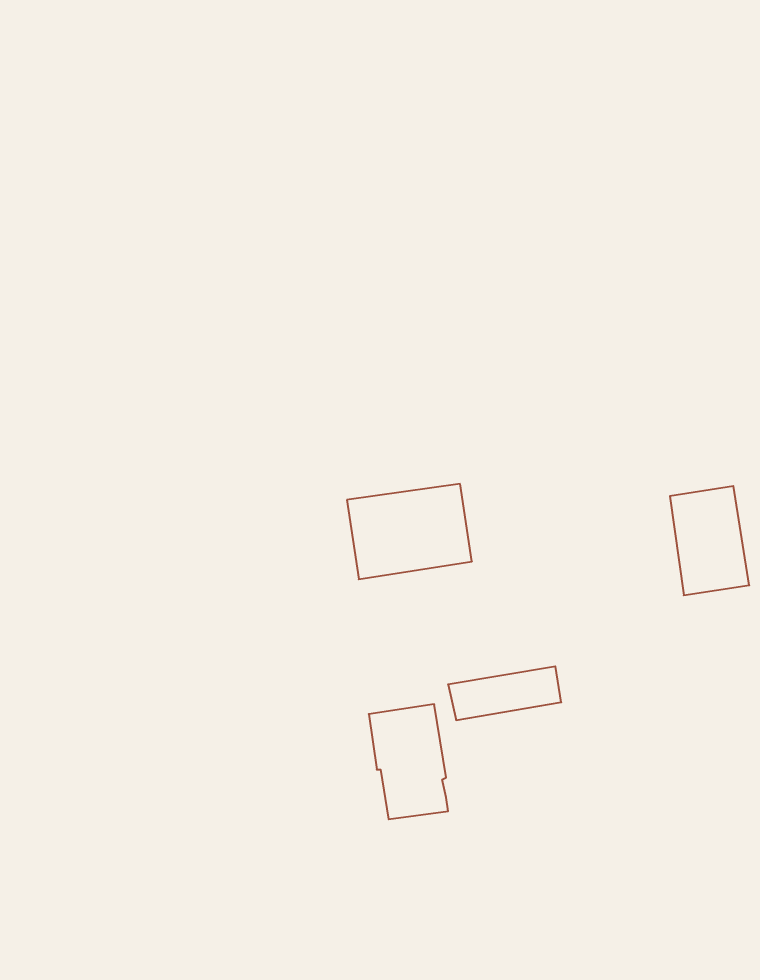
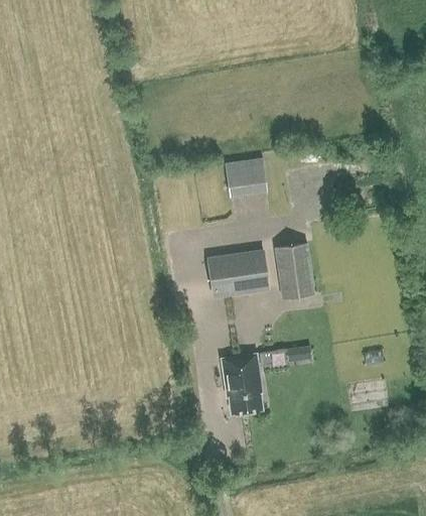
building: none -> [223,155,265,194]
building: [670,486,749,595] -> [276,243,316,298]

